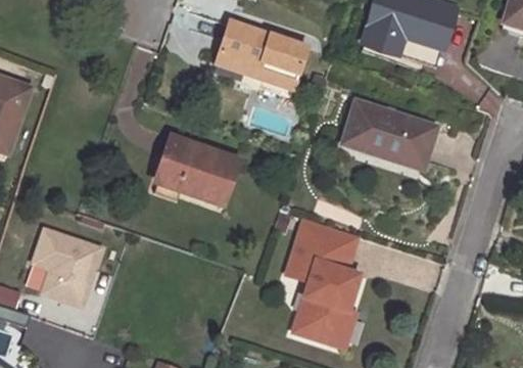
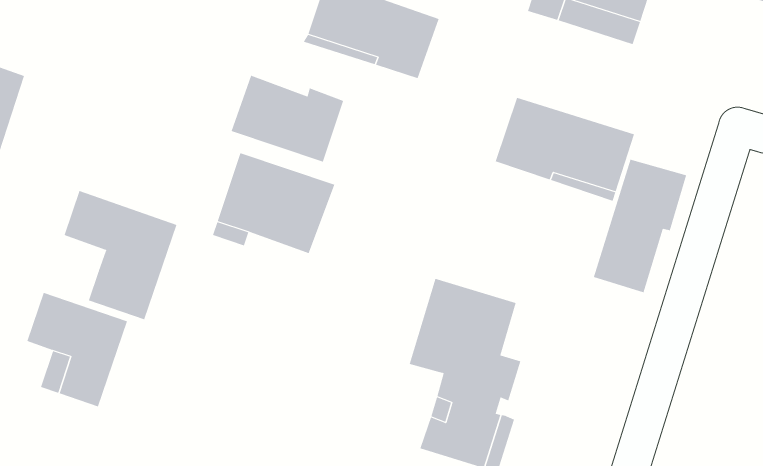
building: none -> [231,75,344,163]
building: none -> [593,159,687,293]
building: none -> [64,190,177,320]

